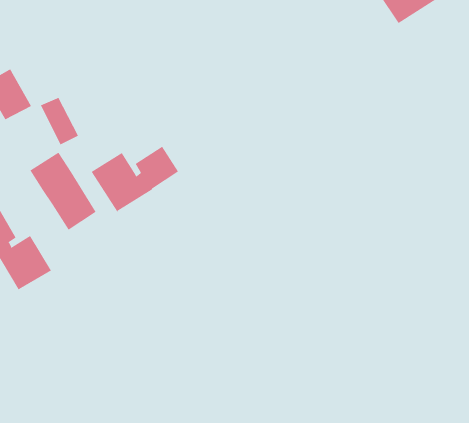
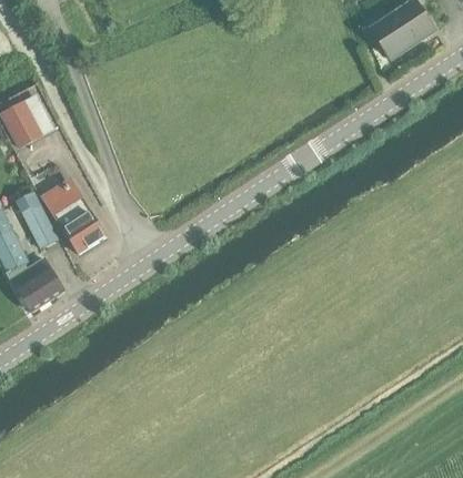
building: [40,97,79,145] -> [21,203,58,248]
building: [91,146,179,213] -> none

